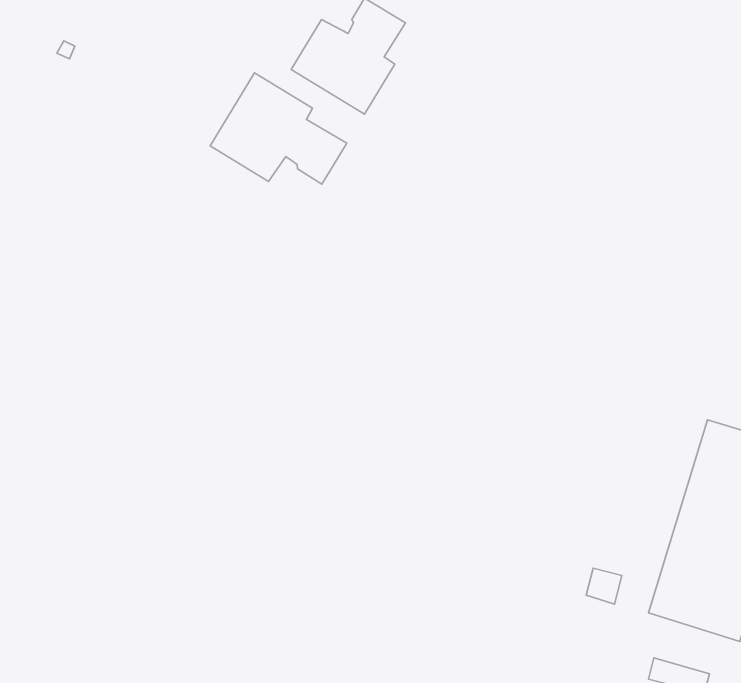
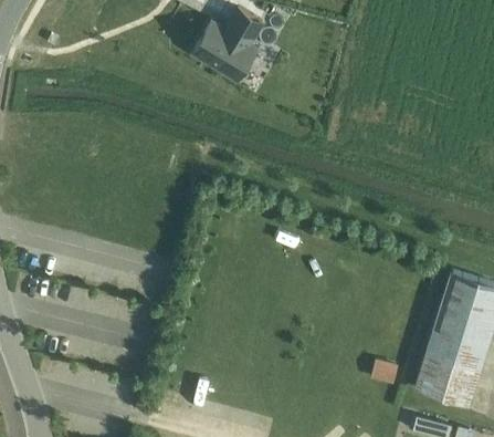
building: [210,73,347,184] -> none

